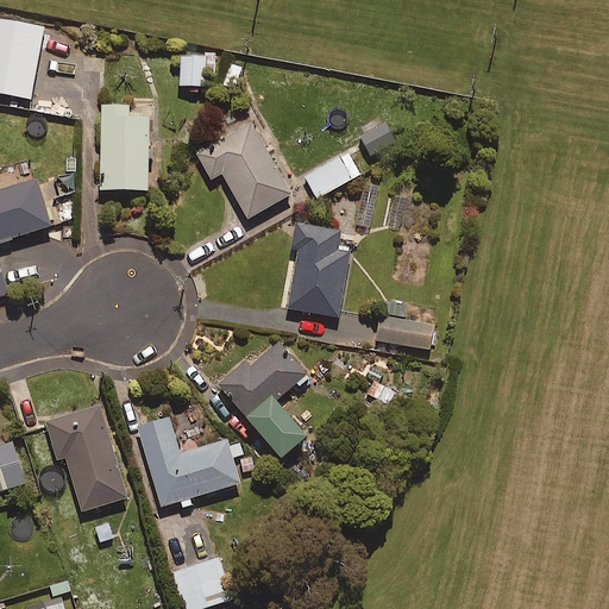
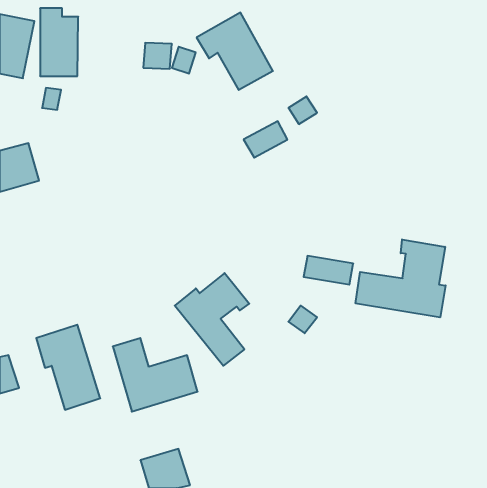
building: [100,103,147,188] -> [40,8,78,76]
building: [194,121,289,218] -> [197,13,273,90]
building: [291,226,357,322] -> none
building: none -> [356,239,446,317]

